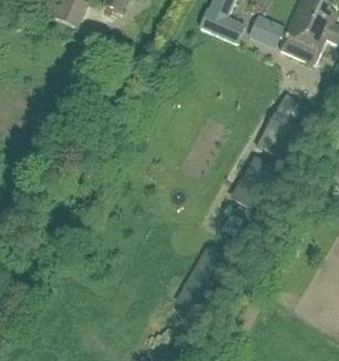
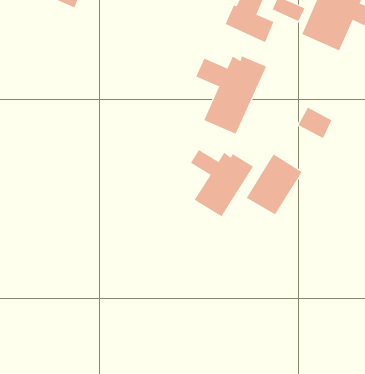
building: none -> [195,55,267,135]
building: none -> [190,149,254,217]

